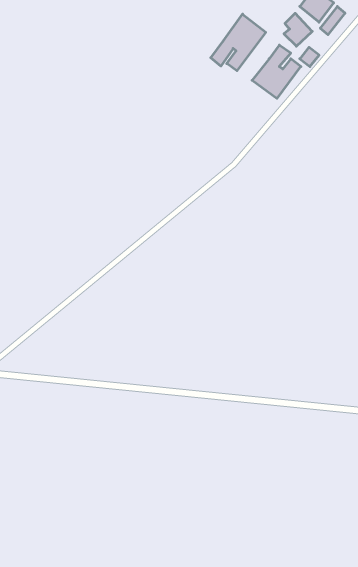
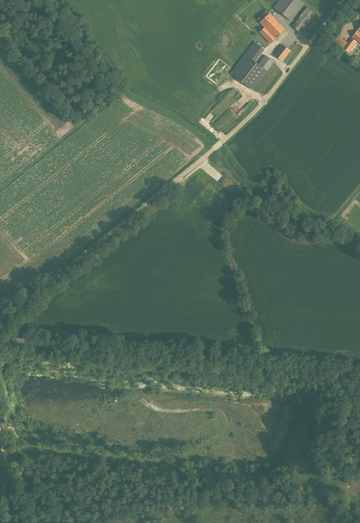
building: [211,14,266,71] -> none

